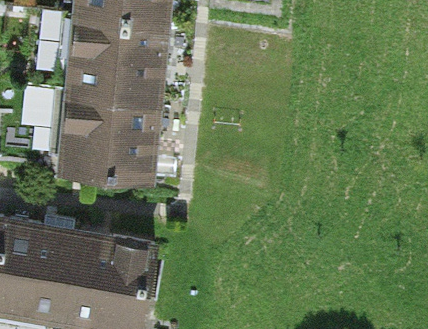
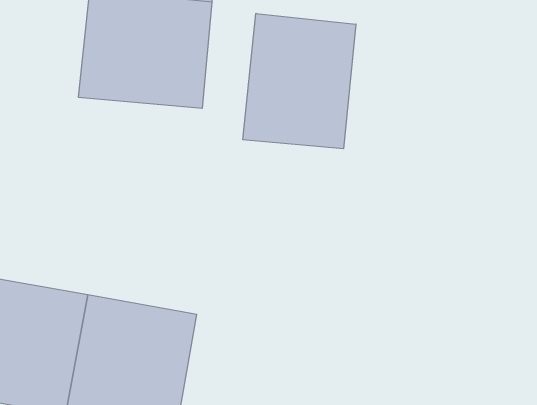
building: none -> [243,13,356,149]
building: [60,97,157,185] -> none

